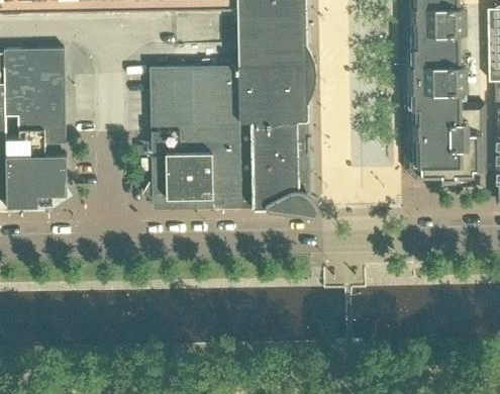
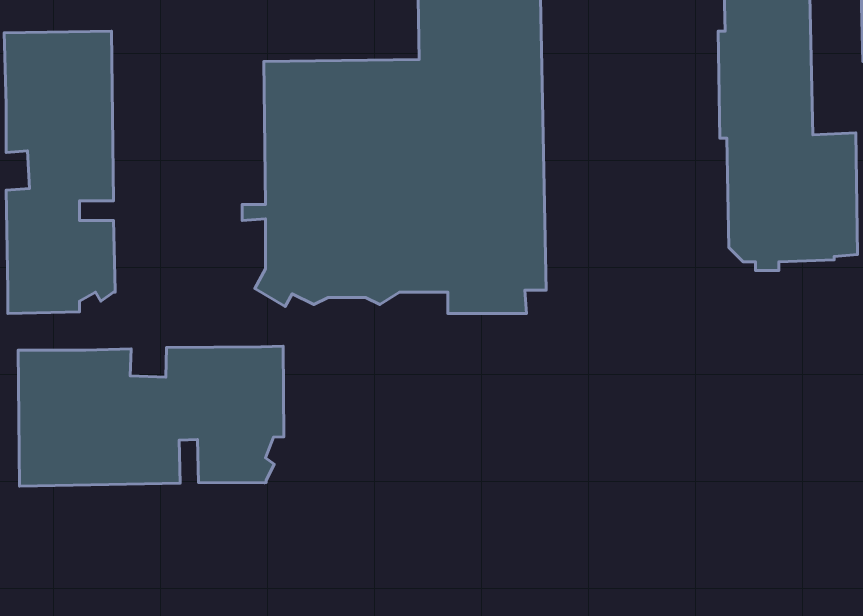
building: none -> [18,346,284,486]

